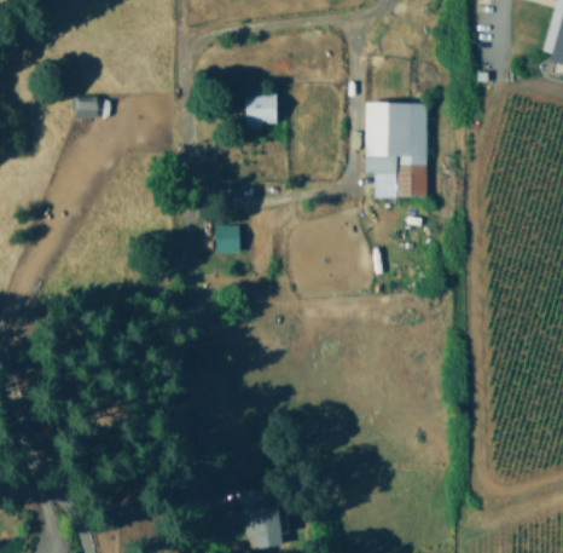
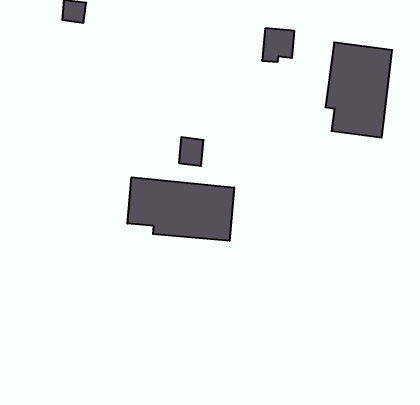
building: [244,93,277,129] -> [262,28,294,62]
building: none -> [127,177,234,241]

